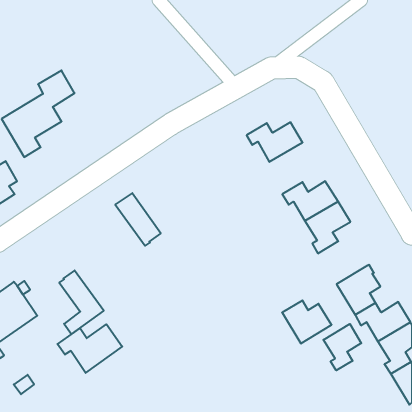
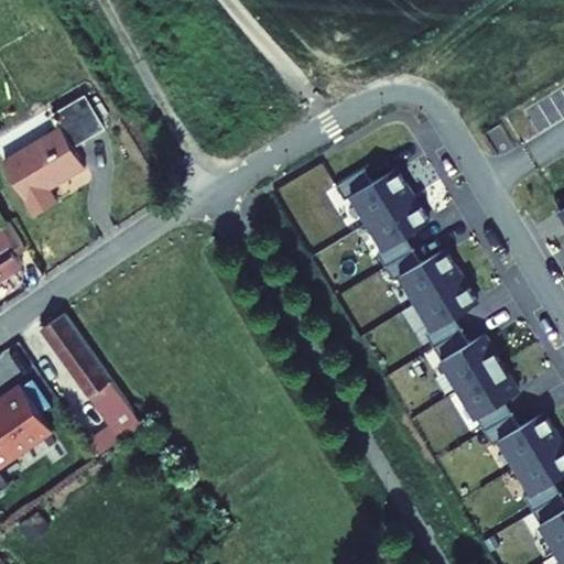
building: none -> [366,196,427,267]
building: [115,193,161,246] -> [40,315,101,387]
building: [282,300,332,343] -> [432,330,499,389]
building: [323,324,361,370] -> none
building: [57,324,122,373] -> none

